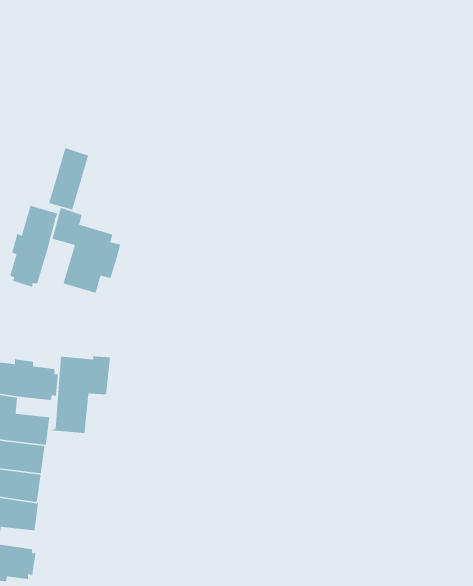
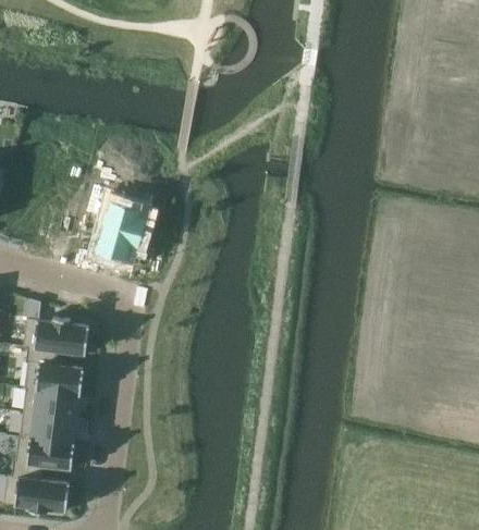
building: [48,148,89,210] -> none
building: [9,205,58,288] -> none
building: [52,356,111,434] -> none

